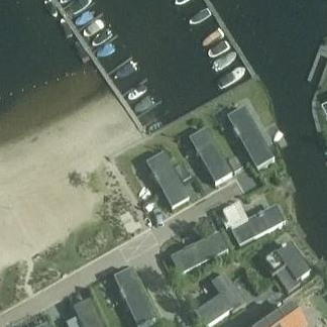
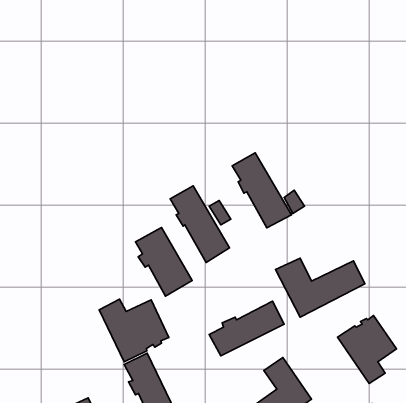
building: [228,106,275,166] -> none
building: none -> [136,227,192,296]
building: none -> [99,299,169,362]

